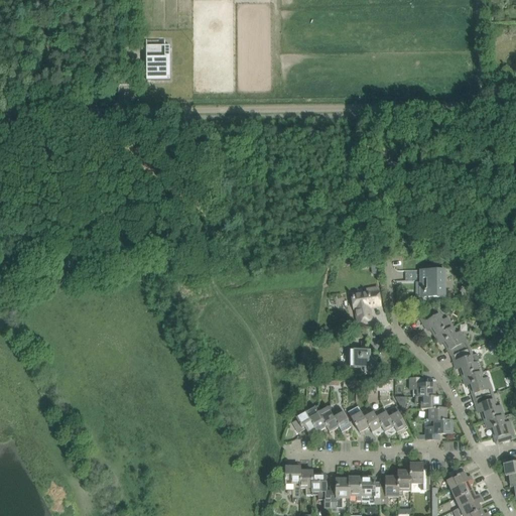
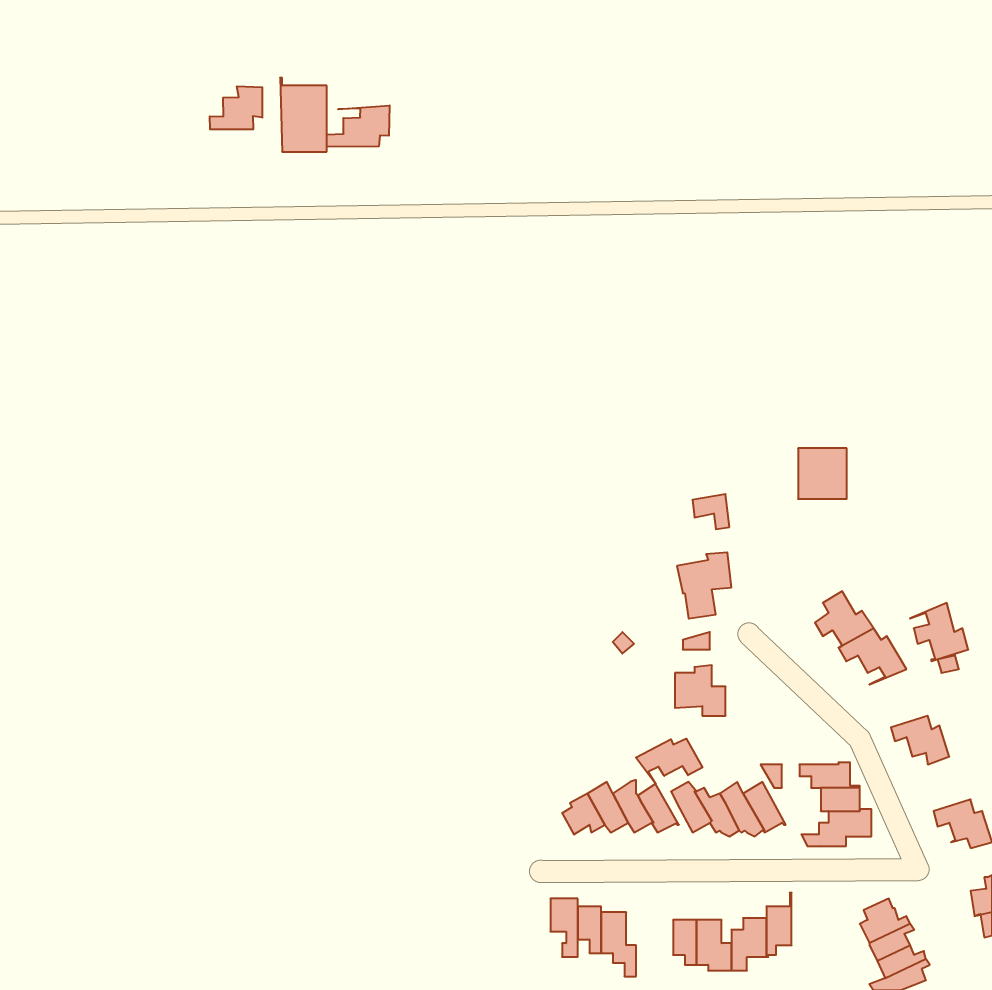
building: none -> [210,86,262,129]
building: none -> [327,105,390,147]
building: [419,269,444,295] -> [798,448,847,499]
building: [450,347,481,377] -> [910,603,968,661]
building: [408,377,434,396] -> none
building: none -> [636,739,702,784]
building: [475,392,503,420] -> none
building: [410,463,428,489] -> none
building: [330,479,349,507] -> none

